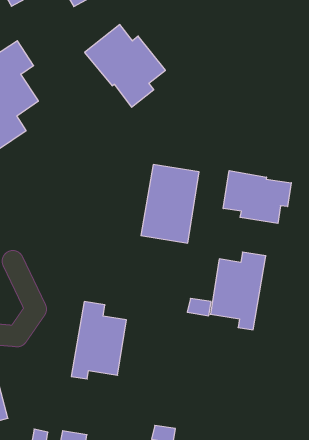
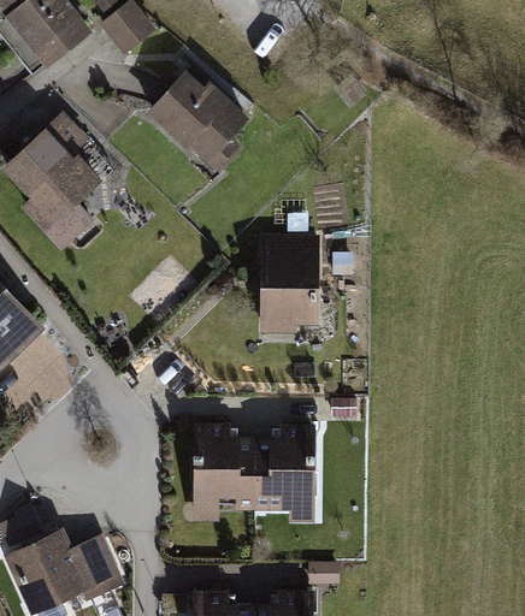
building: [223,171,291,223] -> none
building: [210,252,266,330] -> [254,426,312,521]

